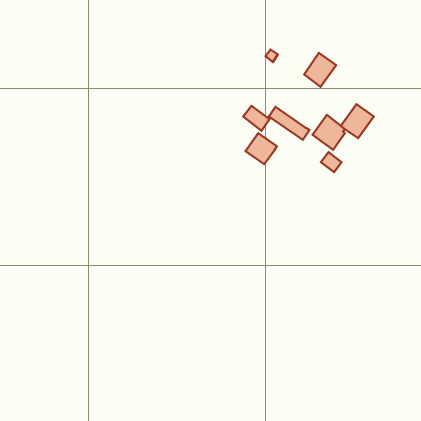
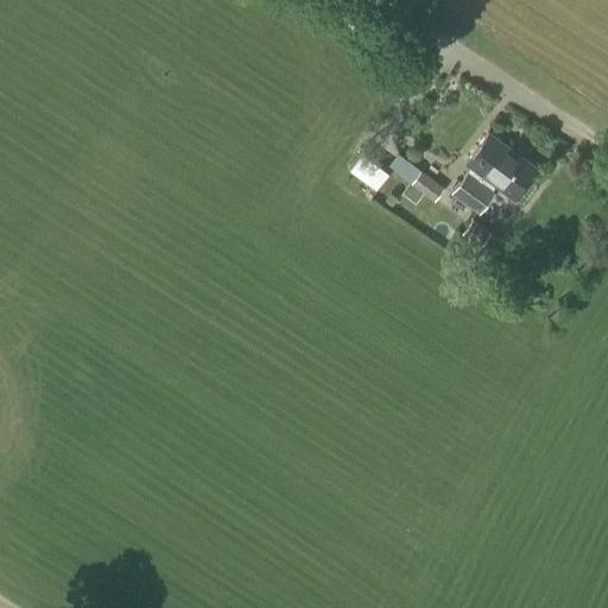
building: [304,53,336,87] -> [468,134,514,183]
building: [245,133,277,164] -> none

